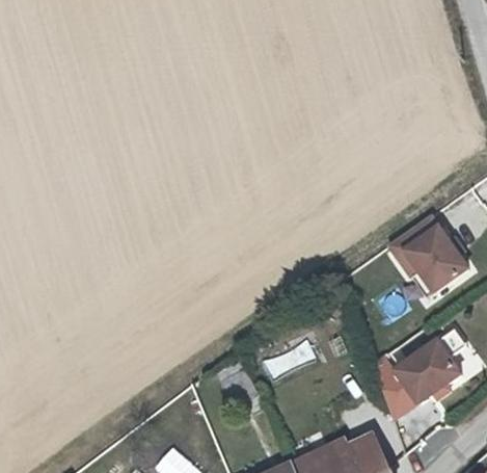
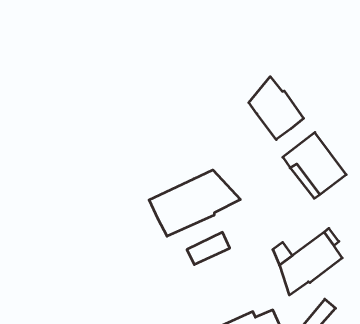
building: none -> [249,77,304,140]
building: none -> [149,170,240,236]

